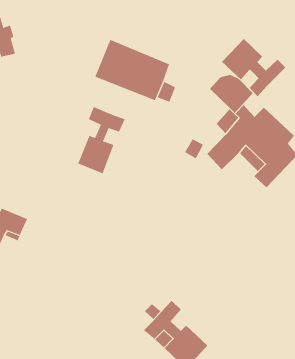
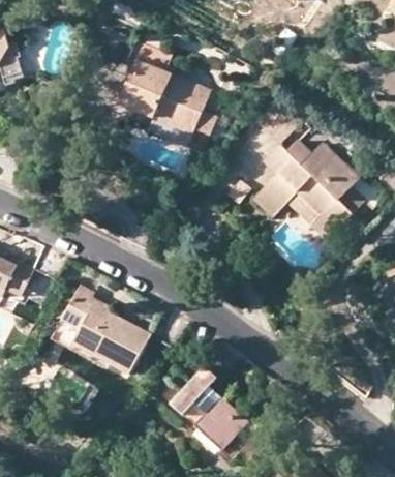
building: [221,38,286,97] -> none
building: [77,106,125,174] -> none
building: none -> [56,290,154,379]

